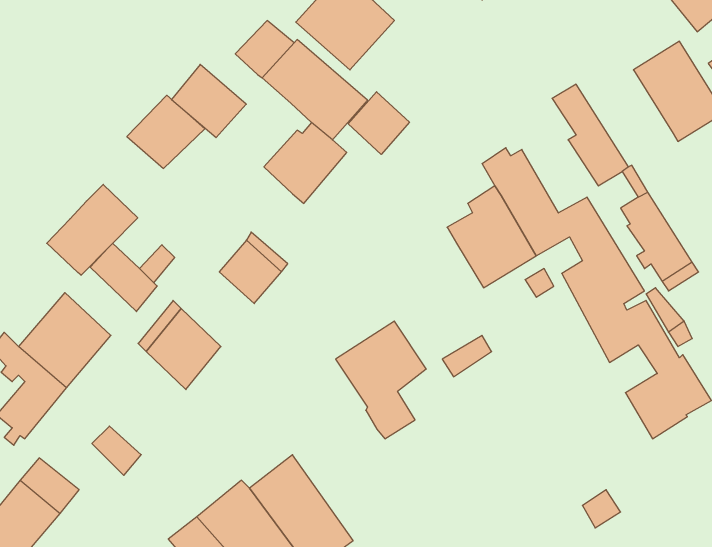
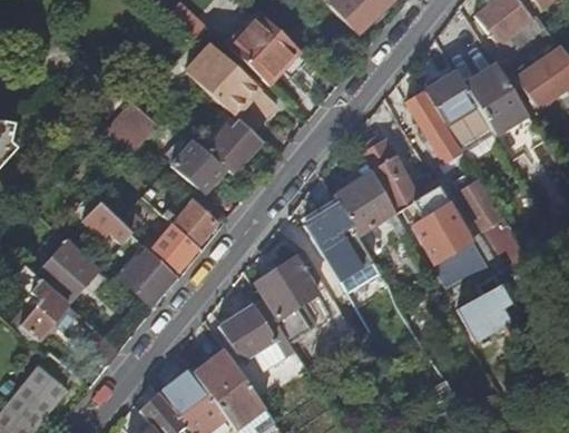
building: none -> [425,70,491,146]
building: [171,64,246,138] -> [173,141,225,193]
building: [348,92,409,154] -> none
building: [47,184,138,275] -> none
building: none -> [311,204,361,255]
building: none -> [154,224,198,270]
building: none -> [218,301,284,362]

